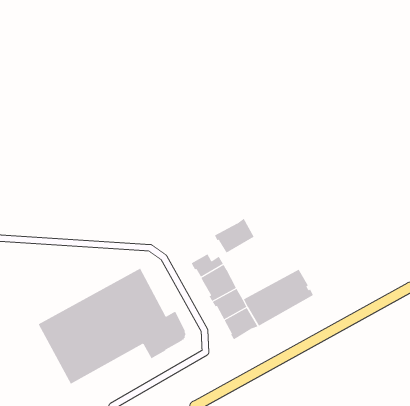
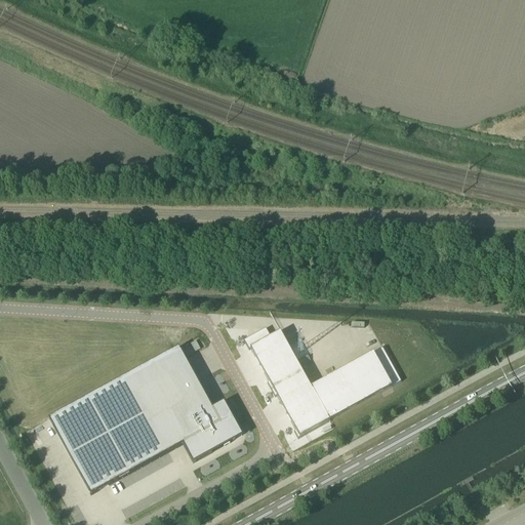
building: [214,218,254,254] -> none

